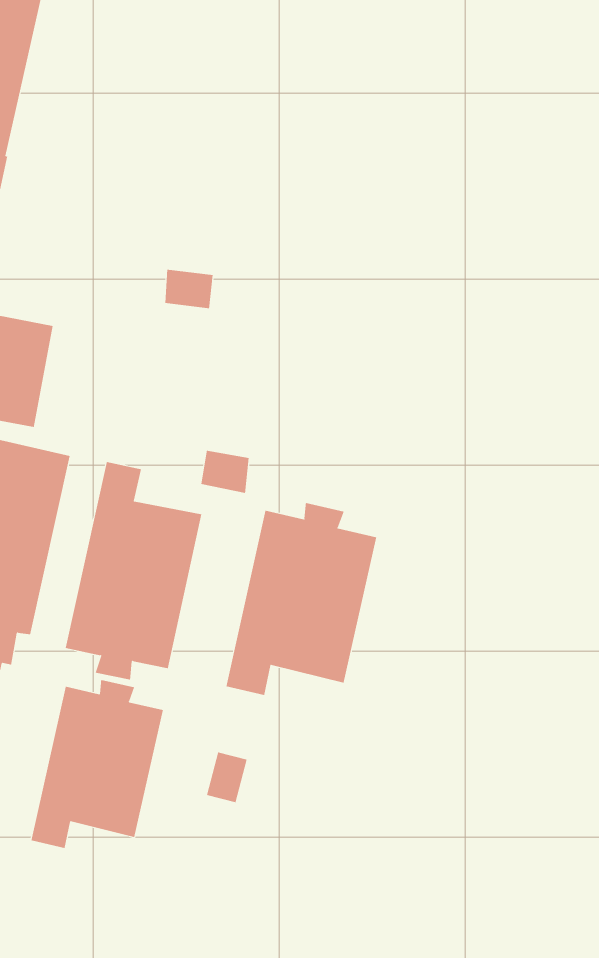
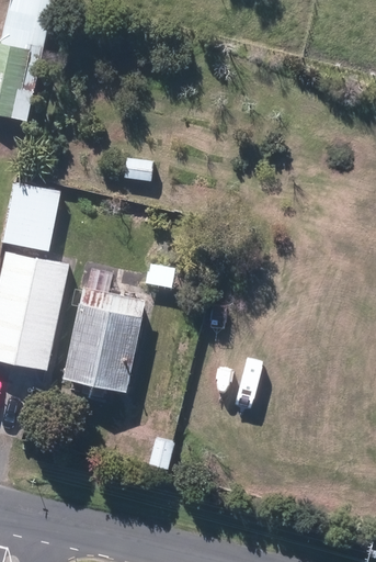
building: [226,502,377,696] -> none
building: [31,679,163,849] -> none

